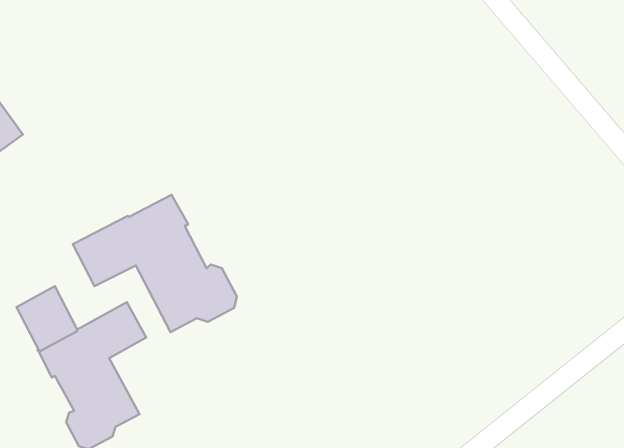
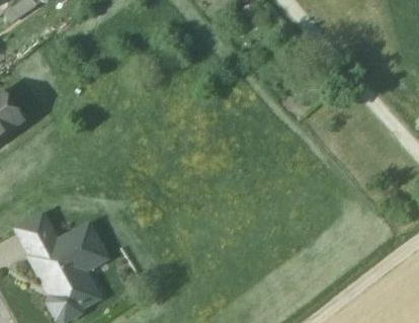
building: [73,195,237,332] -> none

